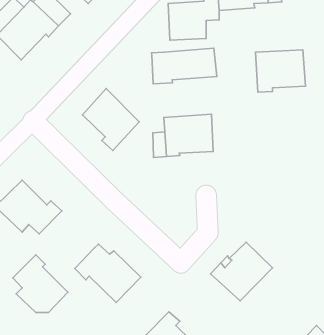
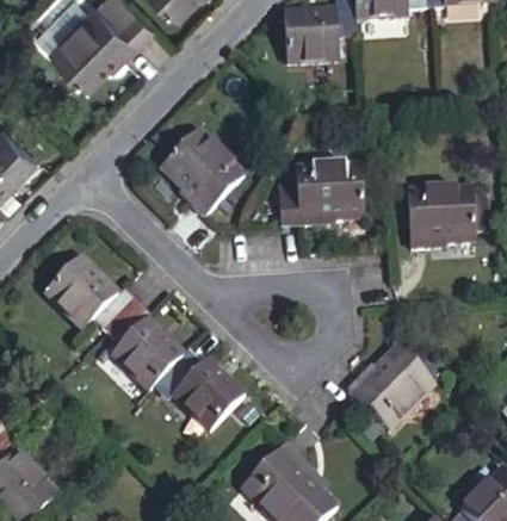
building: [151,48,217,84] -> none
building: [255,50,305,92] -> [409,191,480,250]
building: [13,255,68,313] -> [105,302,183,383]

